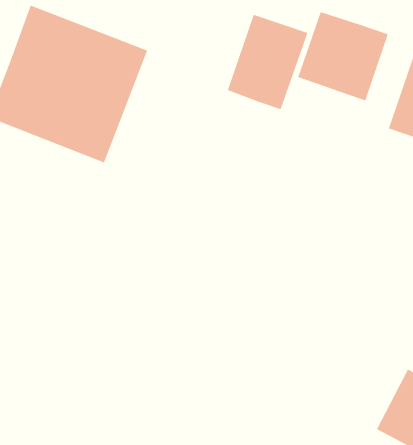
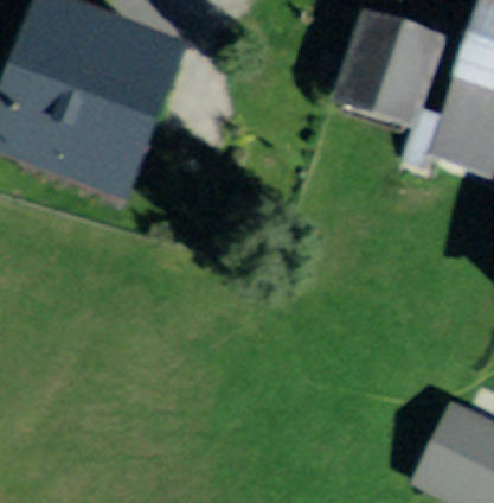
building: [227,14,308,110] -> none

